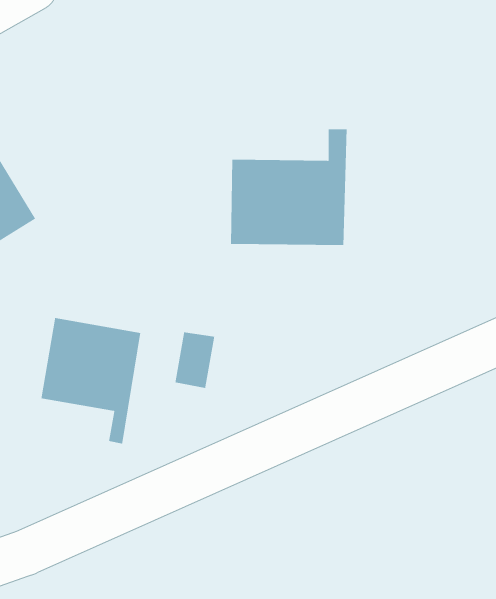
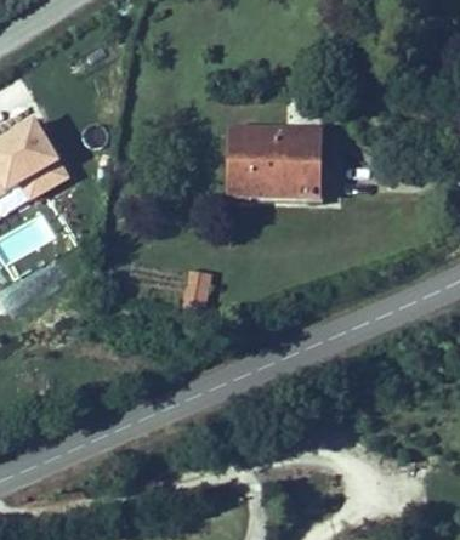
building: [41,317,141,444] -> none

